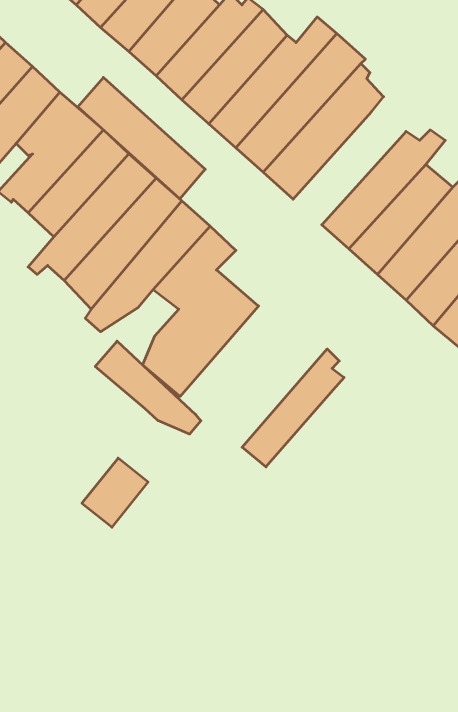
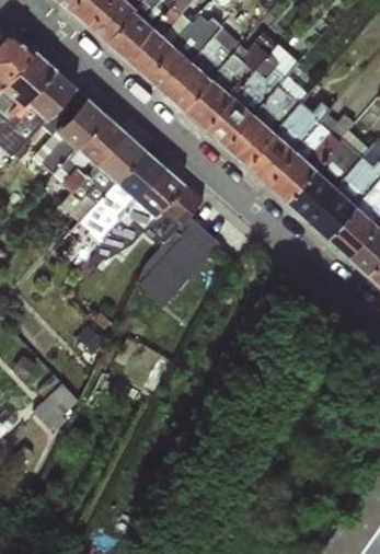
building: [78,77,205,199] -> none
building: none -> [243,101,329,183]
building: [95,341,201,434] -> none
building: [242,349,344,467] -> none
building: [82,458,148,527] -> [35,379,83,429]

